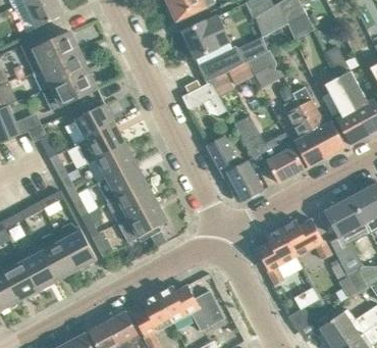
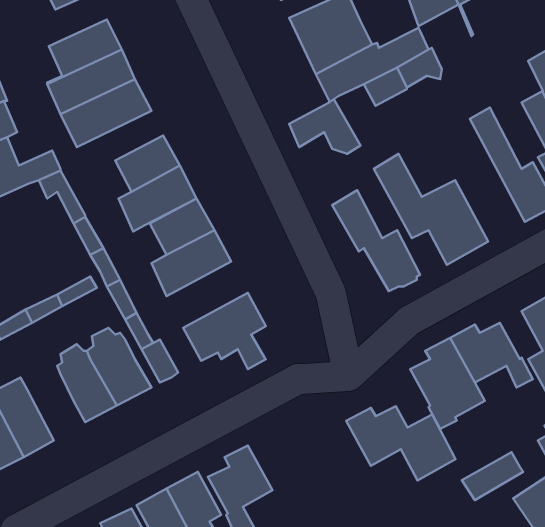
building: [282,94,326,167] -> none
building: [106,182,156,222] -> none
building: [16,243,56,292] -> none
building: [156,286,223,332] -> [346,406,456,481]

